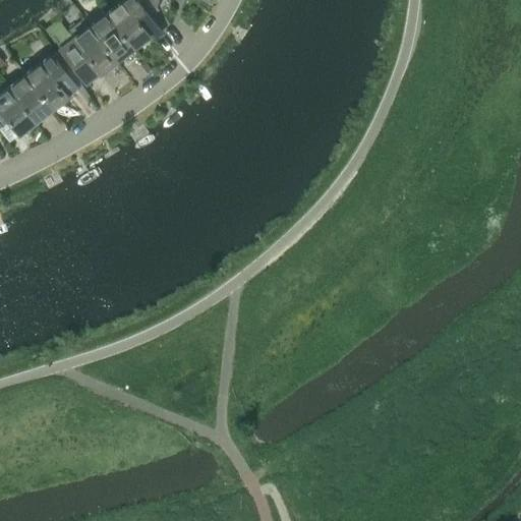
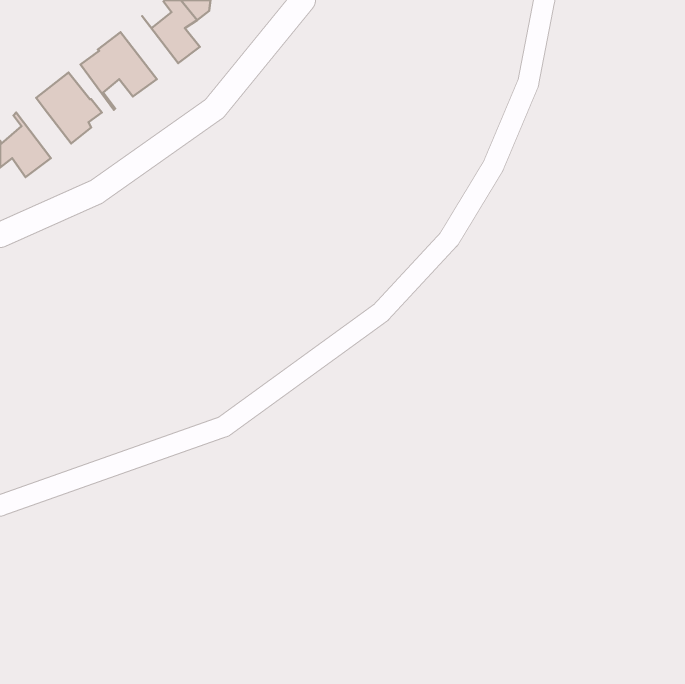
building: [92,13,135,61] -> none
building: [12,75,54,121] -> none

